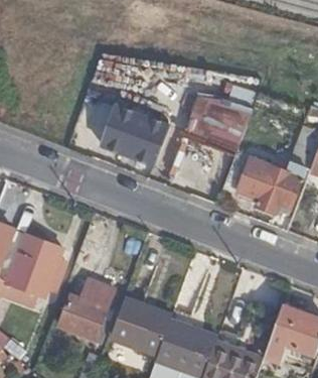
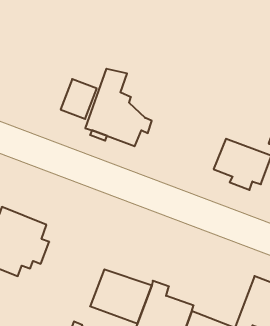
building: [189,93,254,151] -> none
building: [58,279,113,339] -> none

